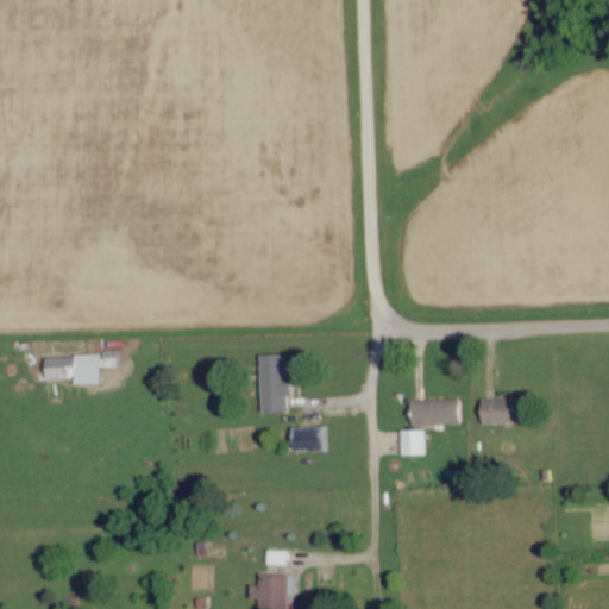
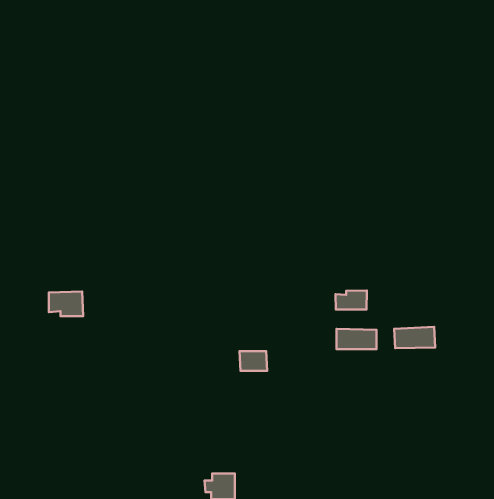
building: none -> [335,290,367,309]
building: [257,354,291,412] -> none
building: [398,431,422,456] -> none

